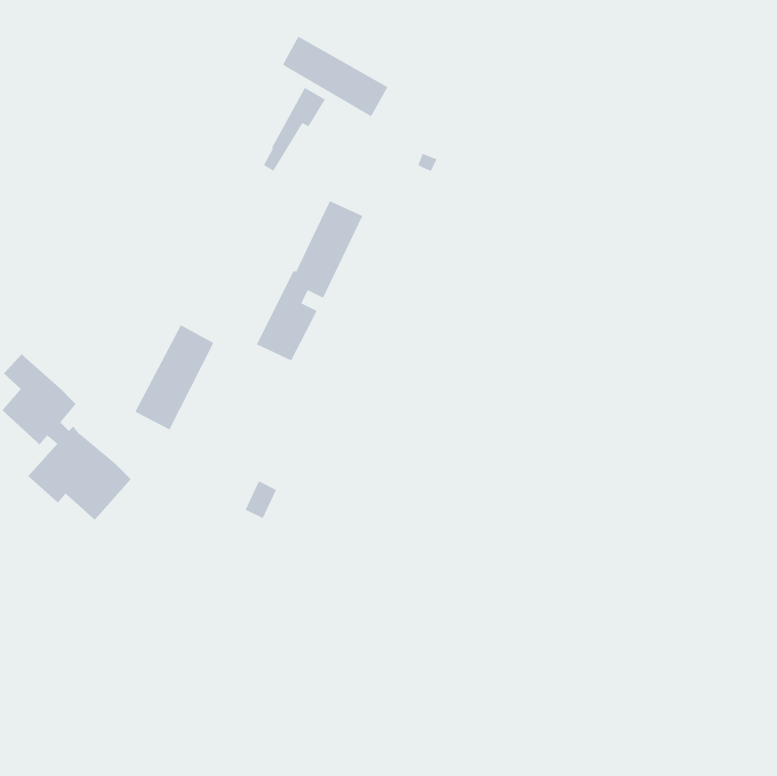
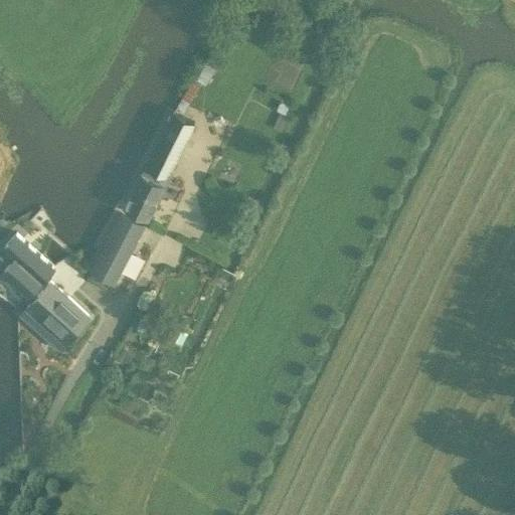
building: [282,36,388,117] -> none
building: [256,201,363,361] -> [122,116,192,221]

